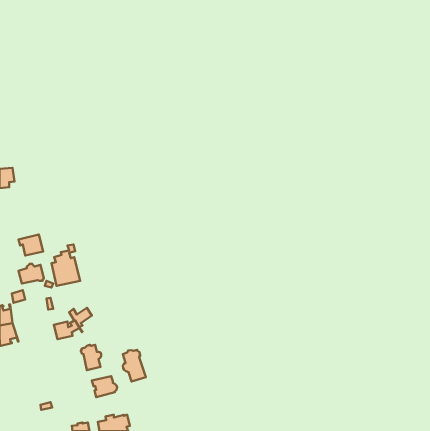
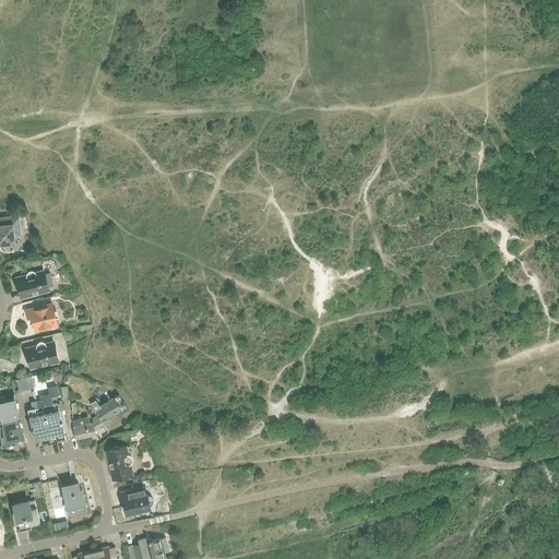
building: none -> [14,271,47,297]
building: [52,245,80,286] -> [26,386,63,440]
building: [123,350,146,382] -> none
building: none -> [61,483,85,512]
building: none -> [11,500,38,532]

